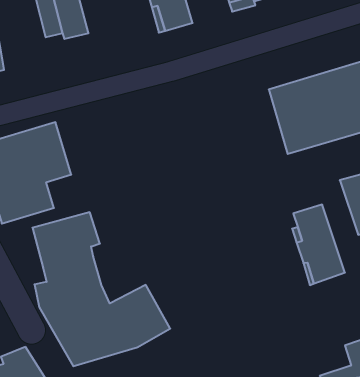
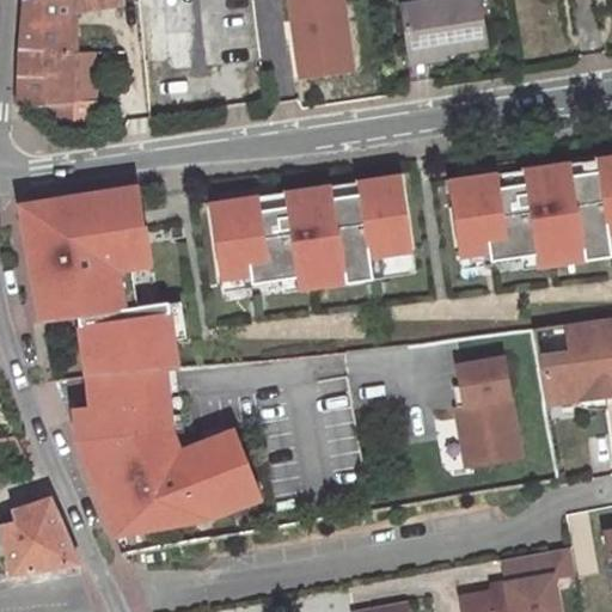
building: none -> [210,173,418,300]

